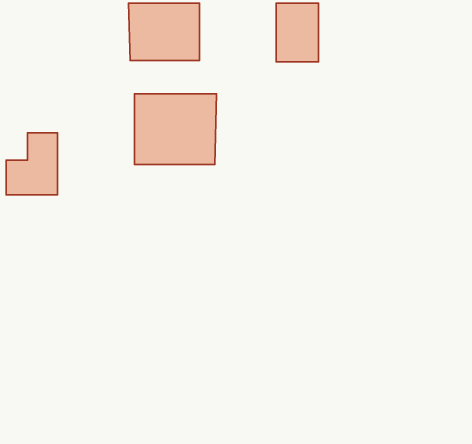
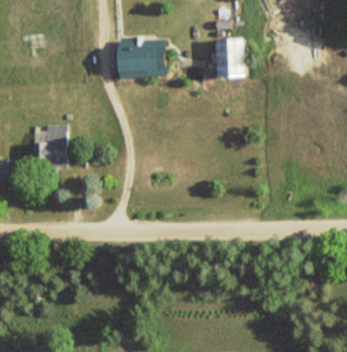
building: [135,94,217,164] -> none

